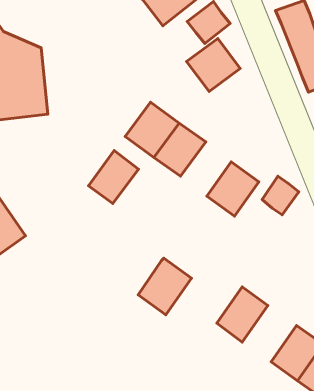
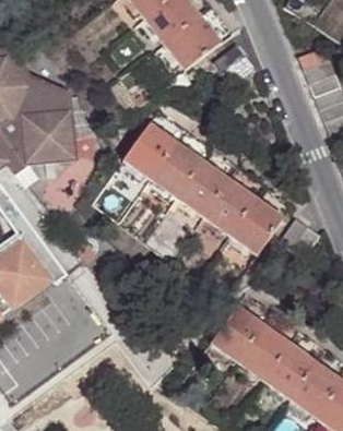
building: [187,38,240,92] -> none
building: none -> [204,183,255,237]
building: [89,150,138,204] -> [126,125,175,178]
building: [138,258,191,315] -> [213,307,265,362]
building: none -> [265,345,319,400]

